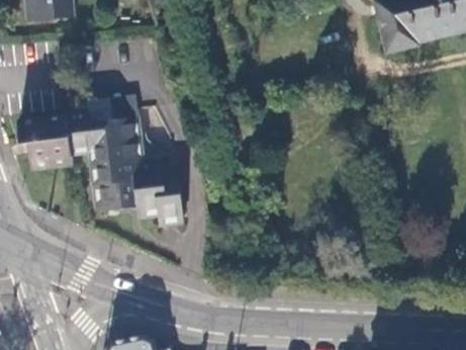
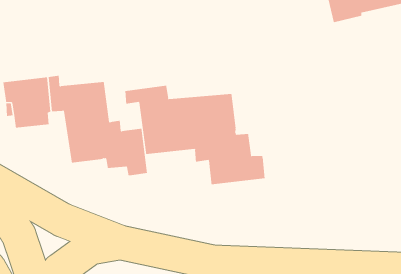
building: [81,98,134,124] -> none
building: none -> [125,85,265,185]

